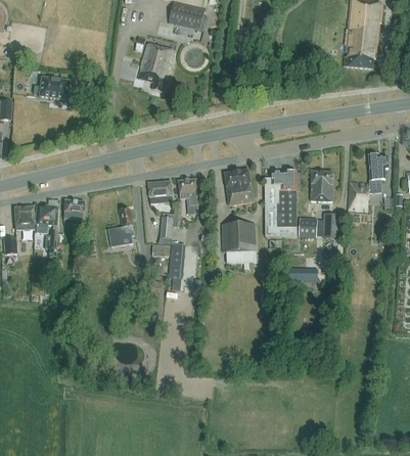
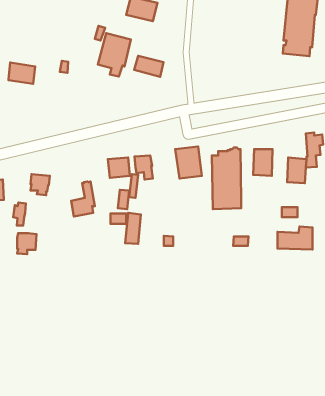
building: none -> [134,56,163,77]
building: [36,206,57,229] -> [17,233,36,254]
building: [300,213,338,238] -> [277,226,312,249]
building: [222,223,256,263] -> none

